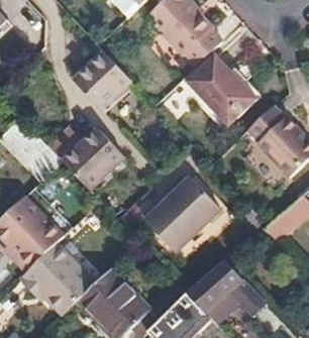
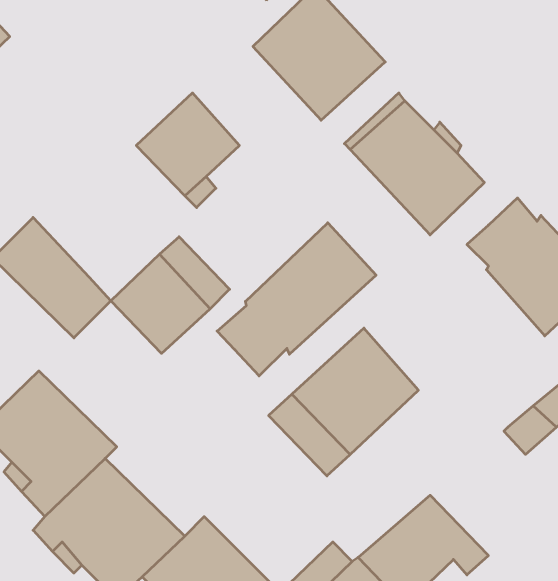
building: none -> [217,223,376,376]

